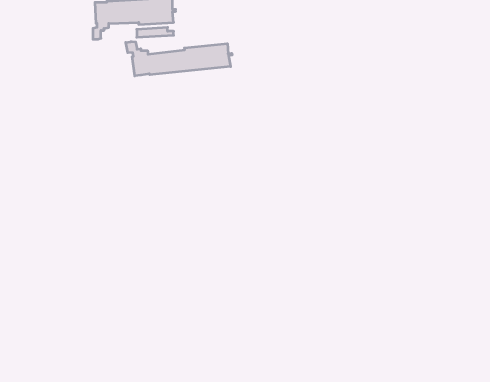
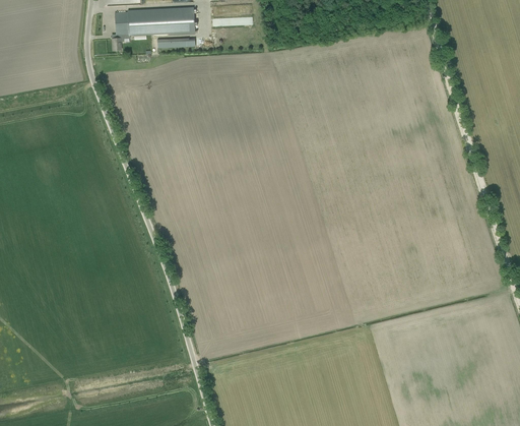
building: [126,42,232,76] -> none

